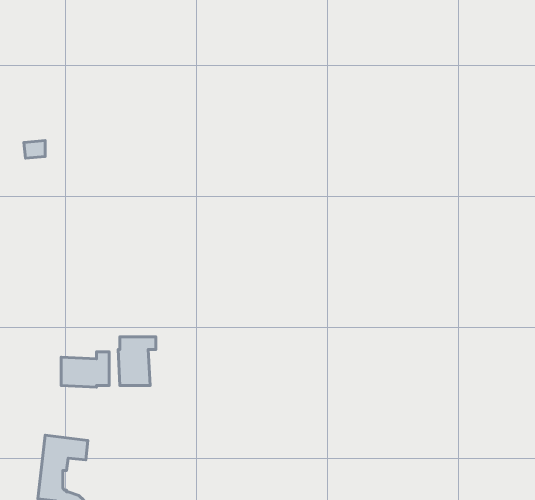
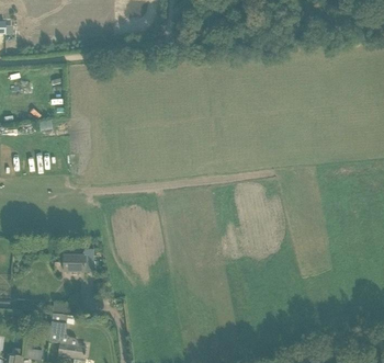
building: [118,337,156,386] -> none

